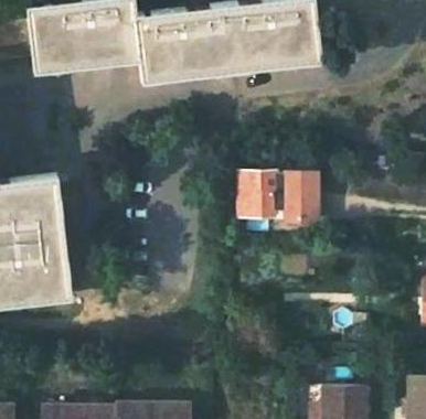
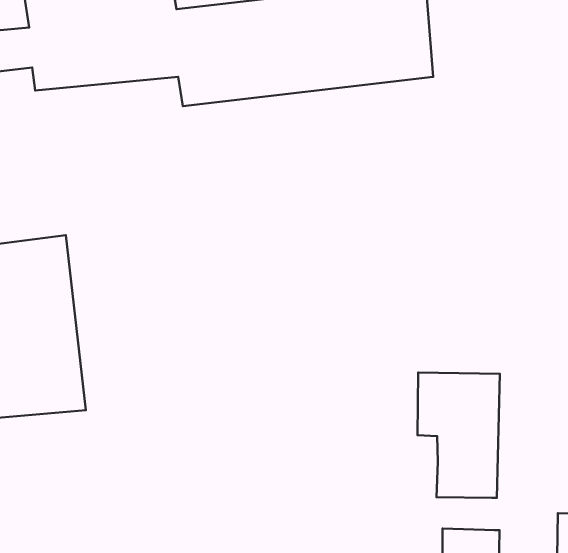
building: [239,171,316,219] -> none
building: none -> [418,372,500,498]

